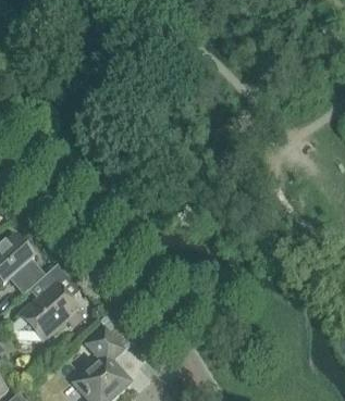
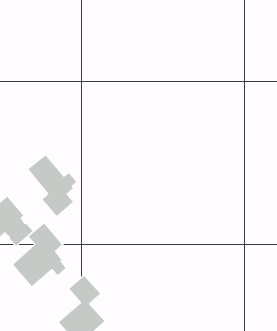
building: none -> [28,154,77,217]

